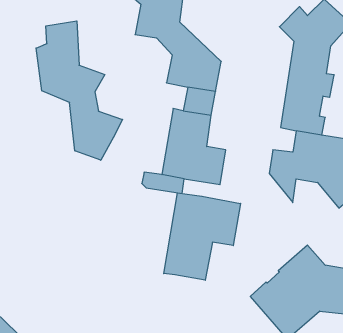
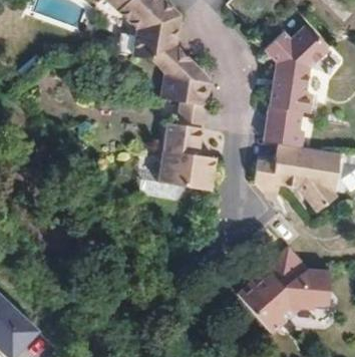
building: [36,21,123,160] -> none
building: [164,193,241,280] -> none

